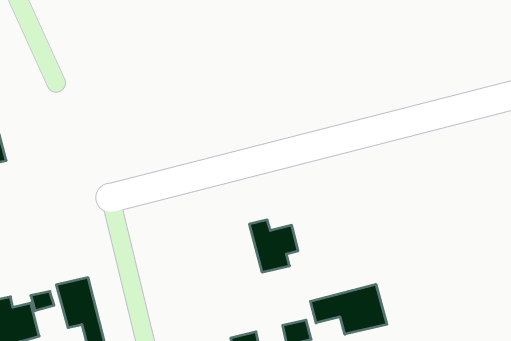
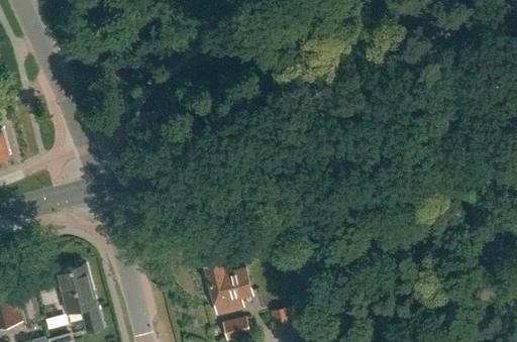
building: [249,220,298,272] -> [204,264,250,314]
building: [310,284,387,334] -> none

